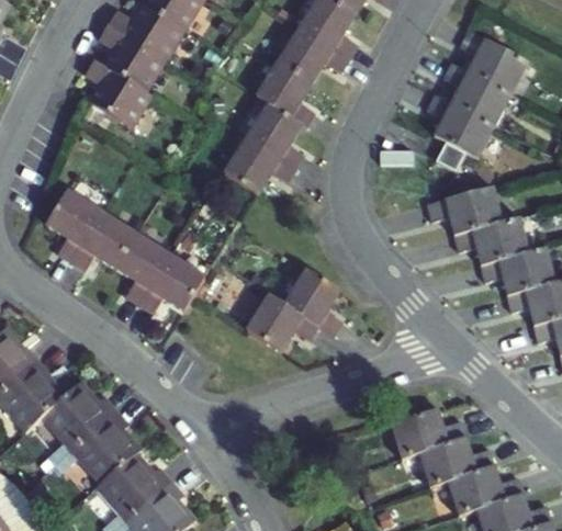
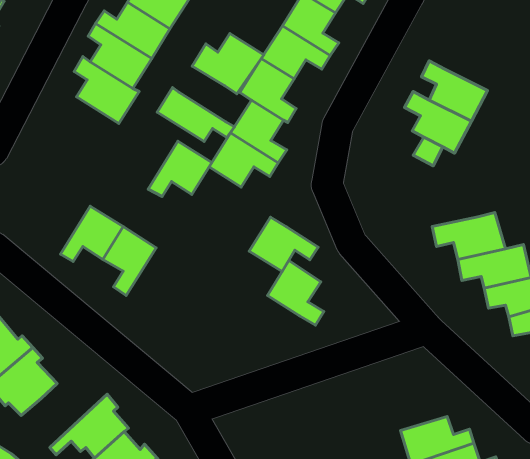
building: [458,33,526,94] -> none
building: none -> [192,33,264,94]
building: none -> [157,87,234,142]
building: [426,188,501,235] -> none
building: [44,192,100,263] -> none
building: [137,257,203,314] -> [148,141,212,197]
building: [245,296,316,352] -> [249,217,318,271]
building: [49,381,117,463] -> none
building: [394,399,469,451] -> none

